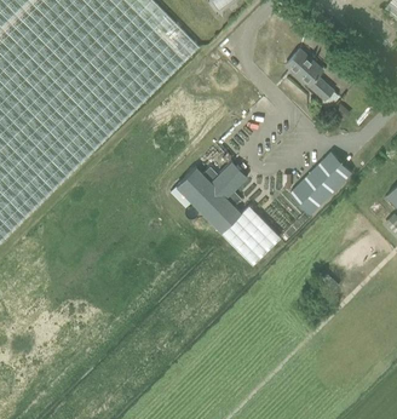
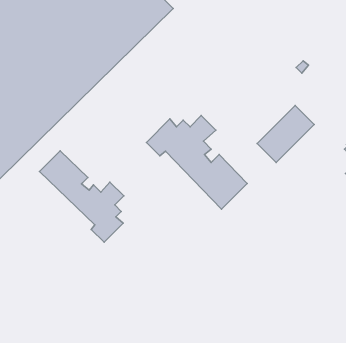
building: [284,48,333,101] -> none
building: none -> [39,151,124,242]

